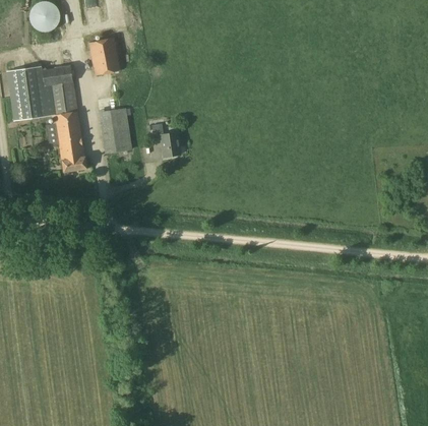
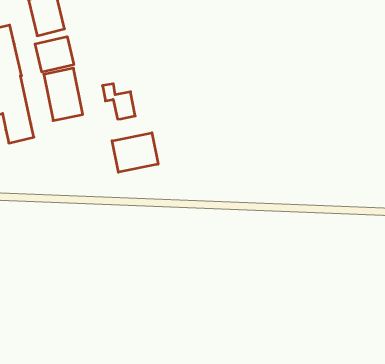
building: none -> [35,37,74,72]
building: none -> [112,133,158,172]

